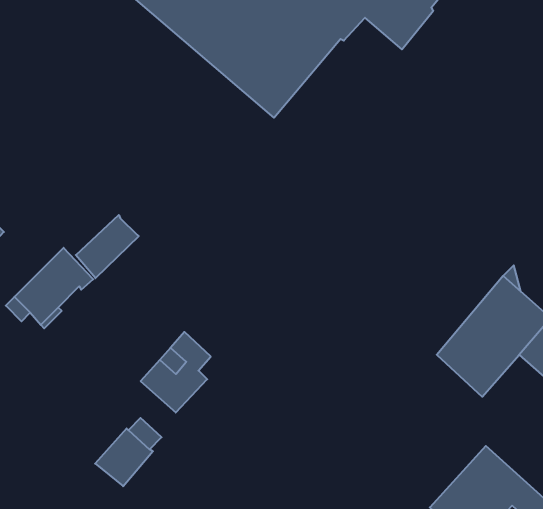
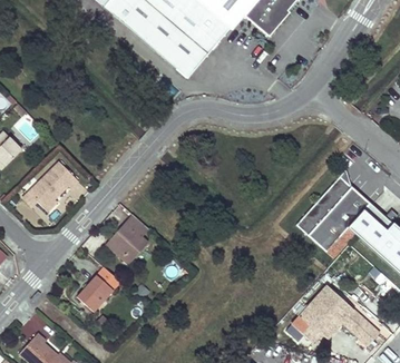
building: [76,215,139,278] -> none

